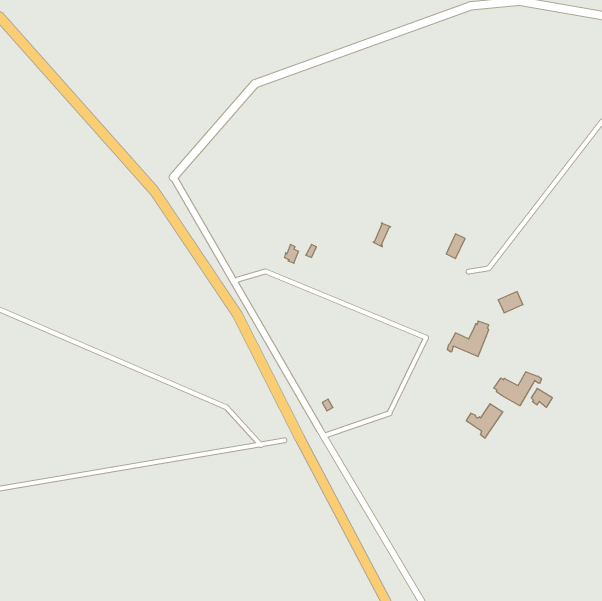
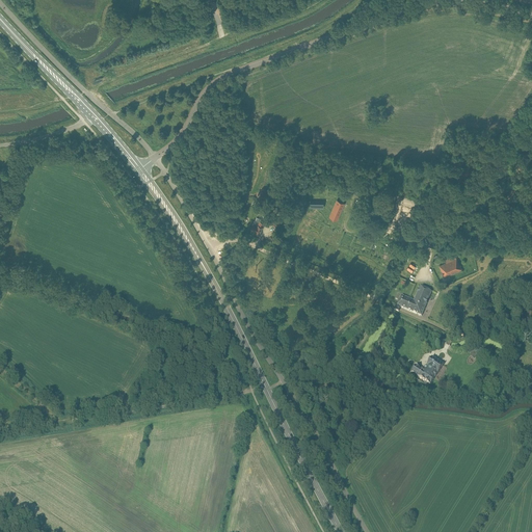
building: [494,372,542,406] -> none

